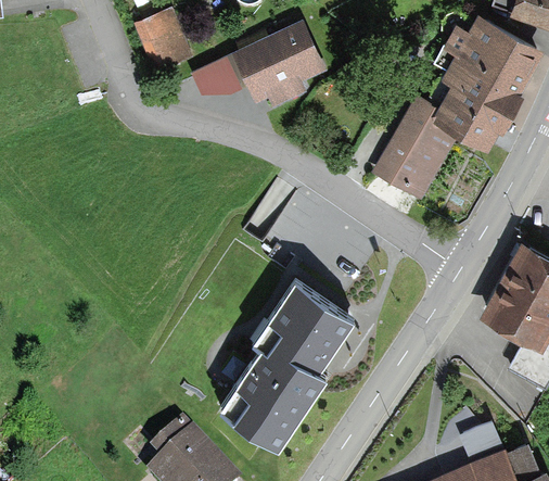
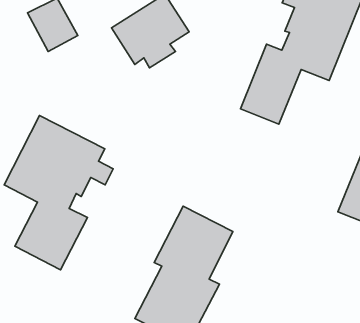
building: [193,58,242,96] -> none
building: none -> [4,116,113,270]

